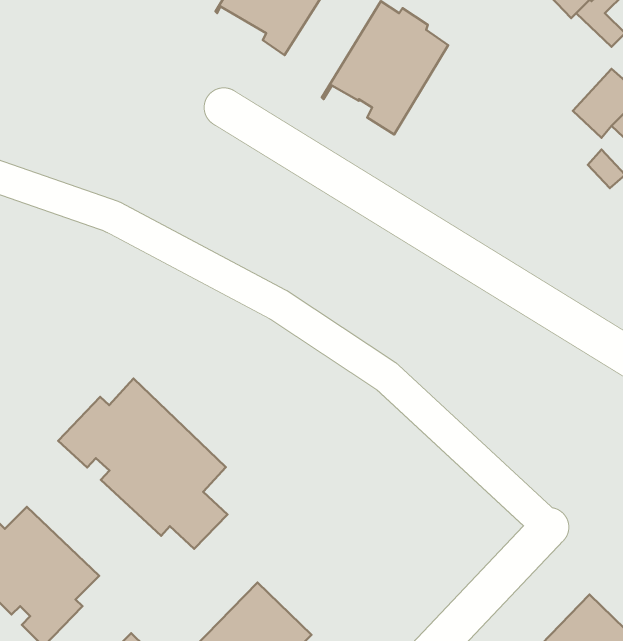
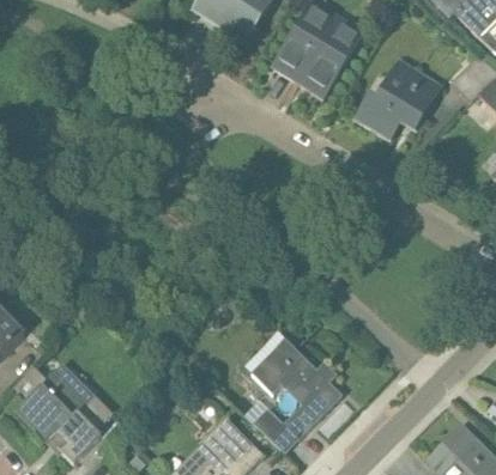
building: none -> [355,57,441,138]
building: [58,378,228,549] -> none
building: none -> [252,339,341,450]

